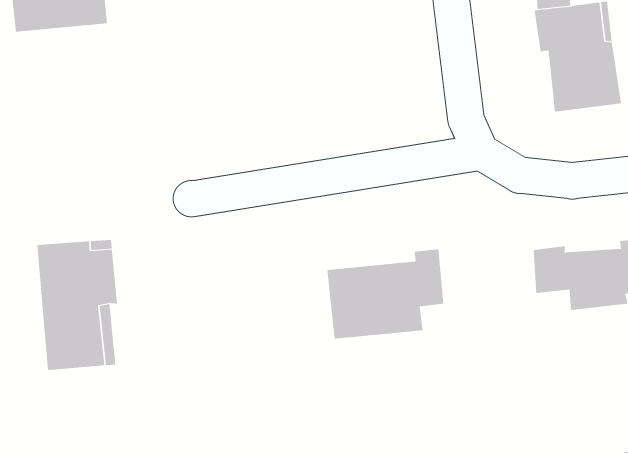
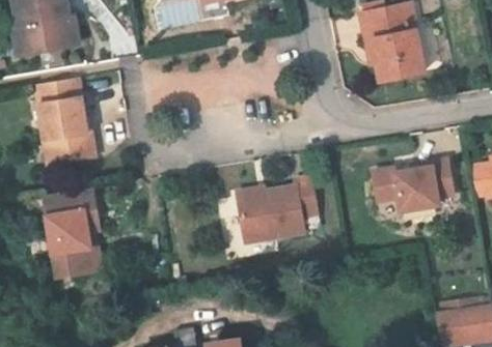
building: none -> [35,77,95,163]

